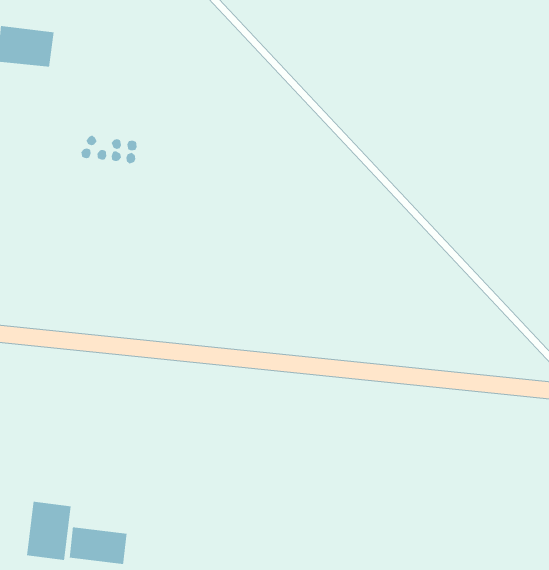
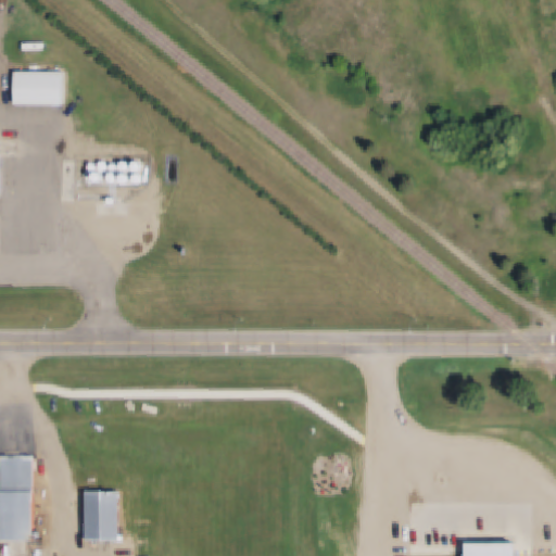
building: [69,526,127,565] -> none

